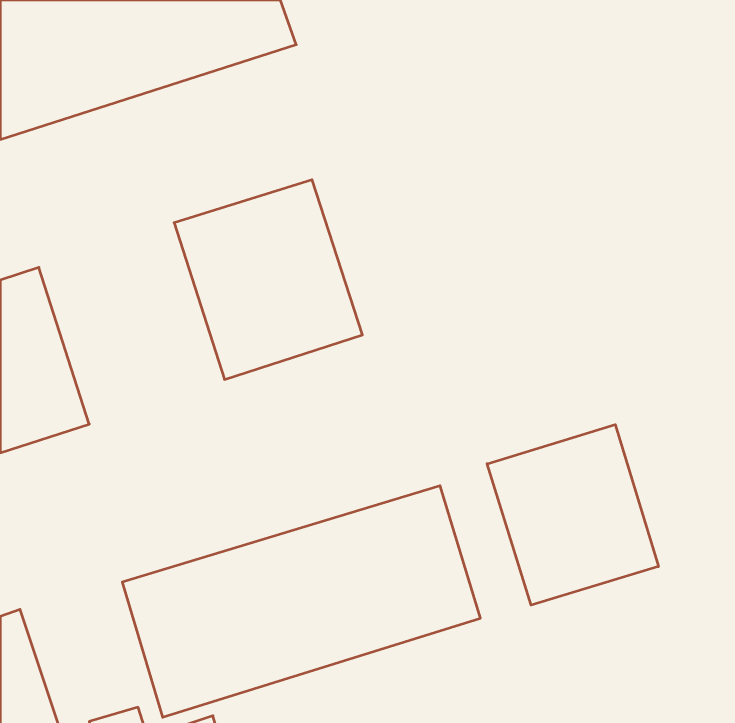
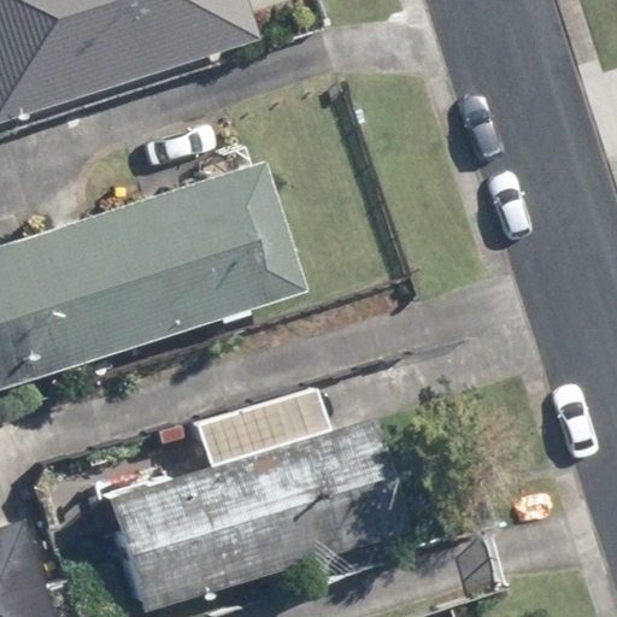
building: none -> [33,196,188,365]
building: [487,425,658,605] -> none

